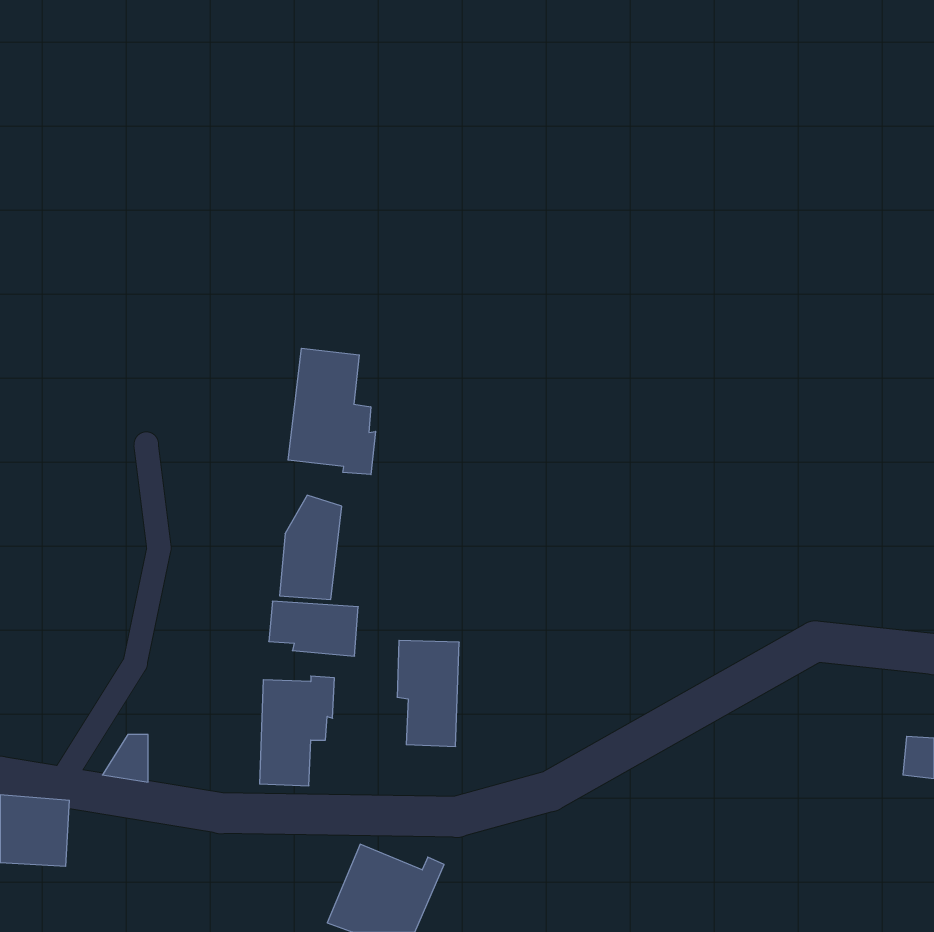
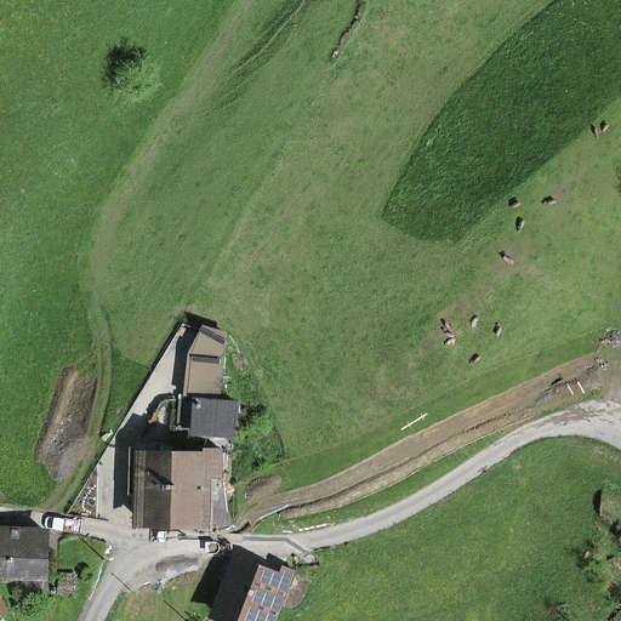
building: [288,348,376,475] -> none
building: [397,640,459,746] -> [133,450,175,520]

